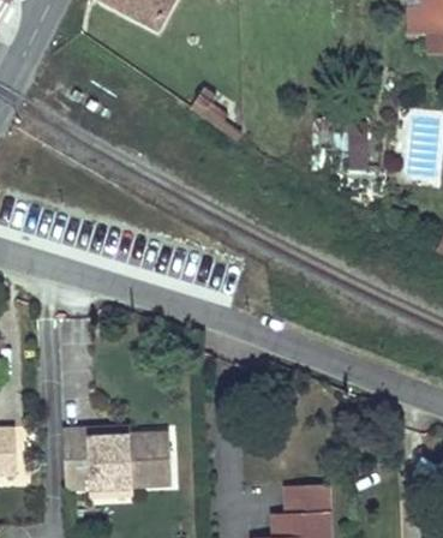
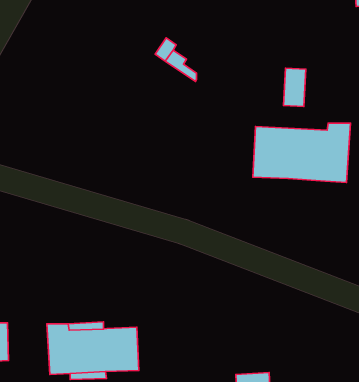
building: none -> [253,123,351,182]

